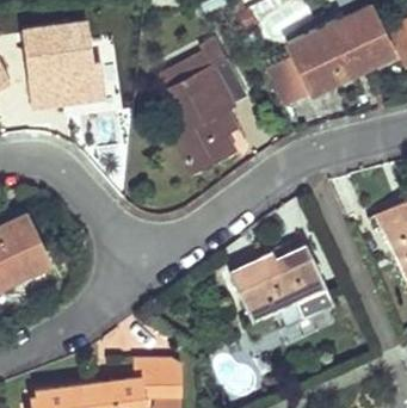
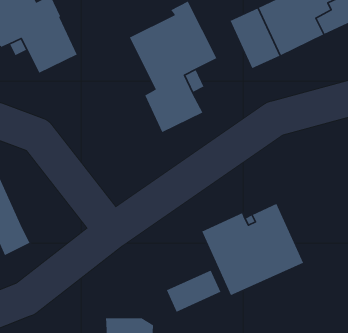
building: none -> [166,270,222,313]

